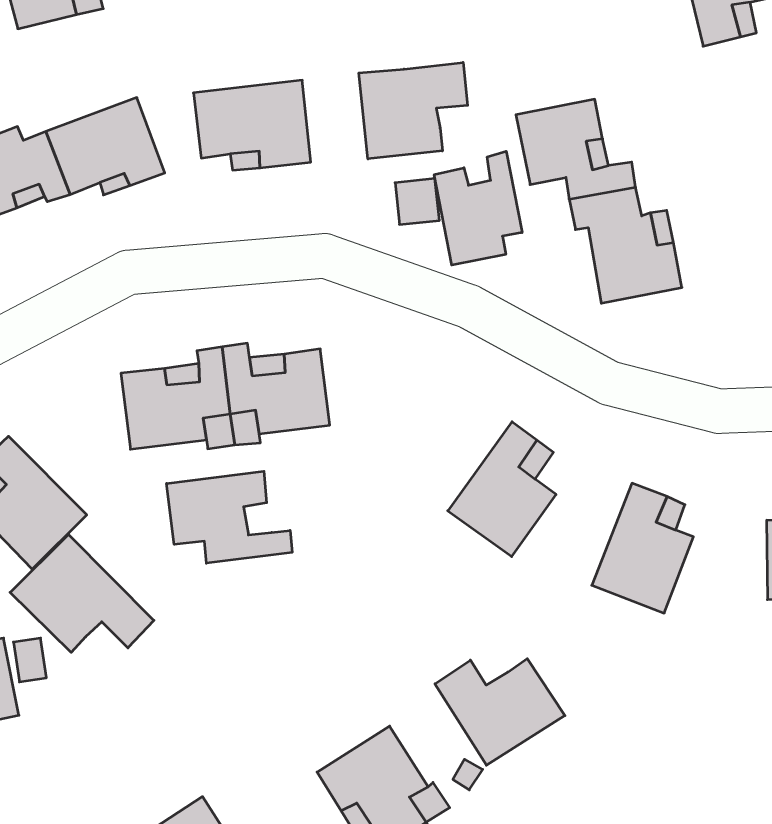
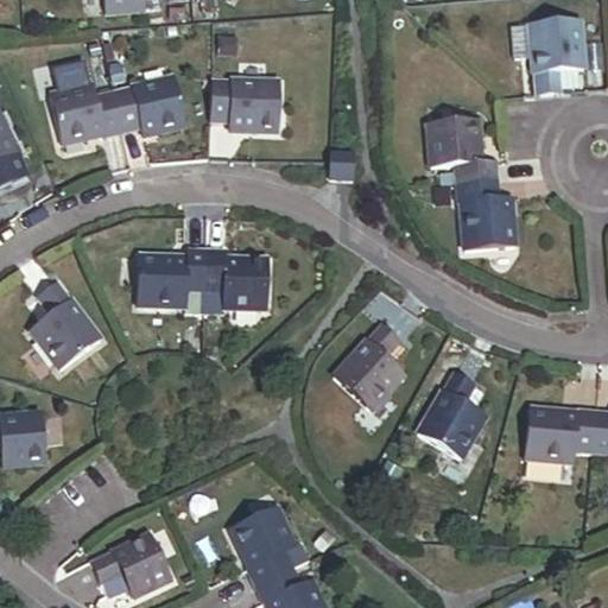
building: [359,62,468,159] -> none
building: [434,151,522,265] -> none
building: [167,471,292,563] -> none
building: [10,534,154,652] -> none
building: [435,659,565,765] -> none

